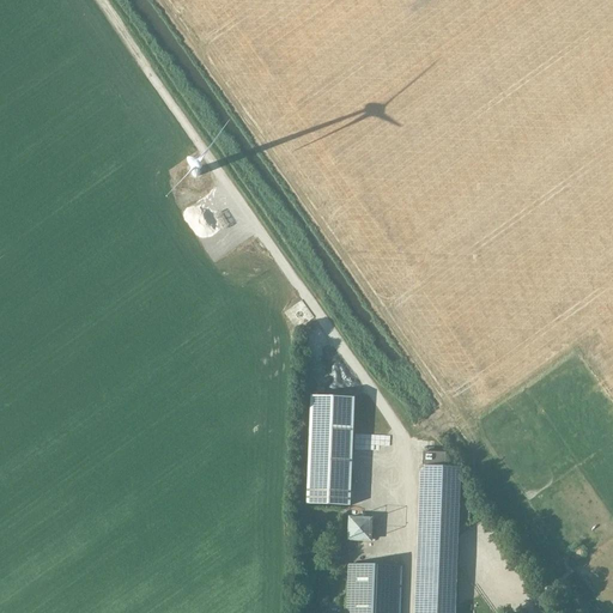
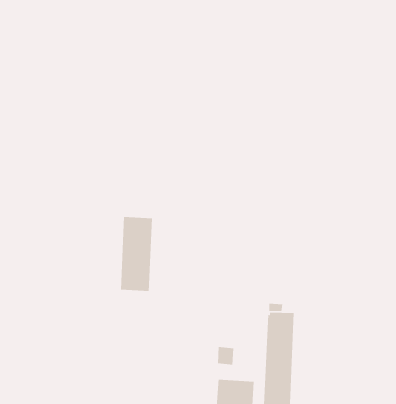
building: [305,396,353,506] -> [120,217,153,292]

